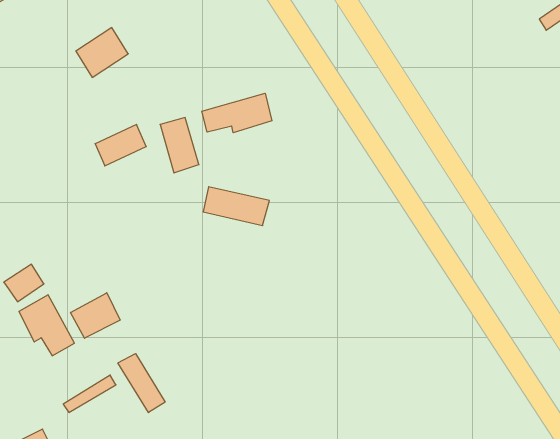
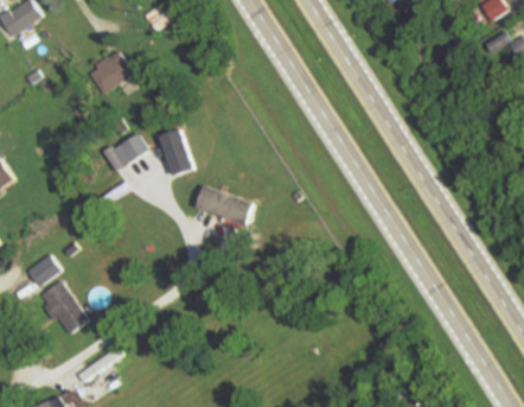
building: [202,93,272,133] -> none
building: [71,293,120,338] -> none
building: [118,354,165,413] -> none

